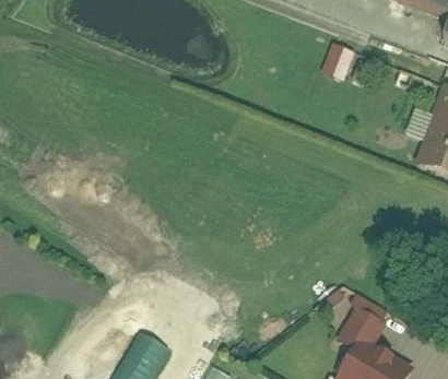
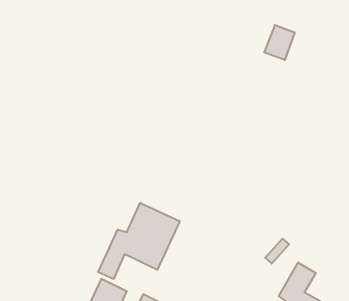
building: none -> [98,203,180,279]

